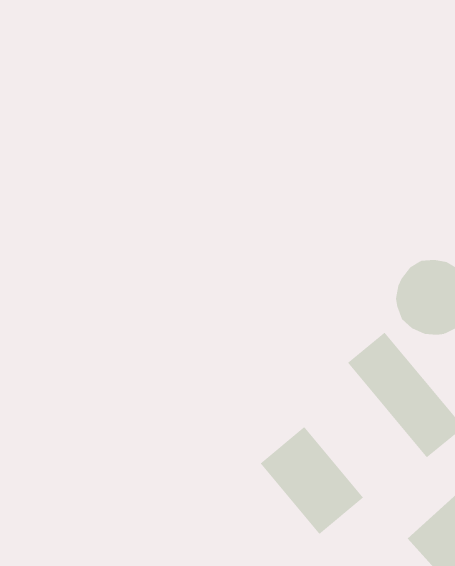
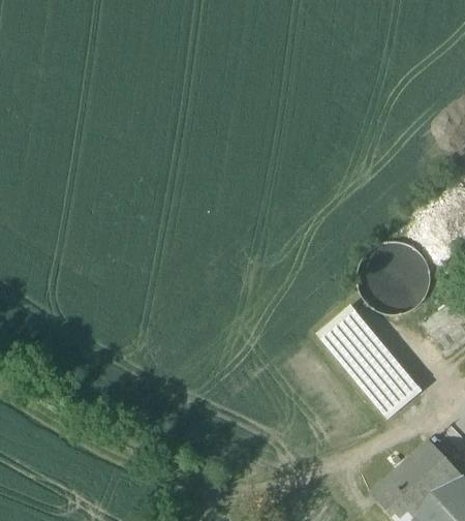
building: [260,426,364,535] -> none

